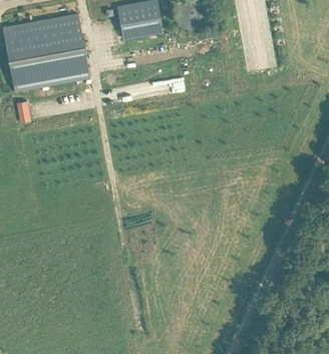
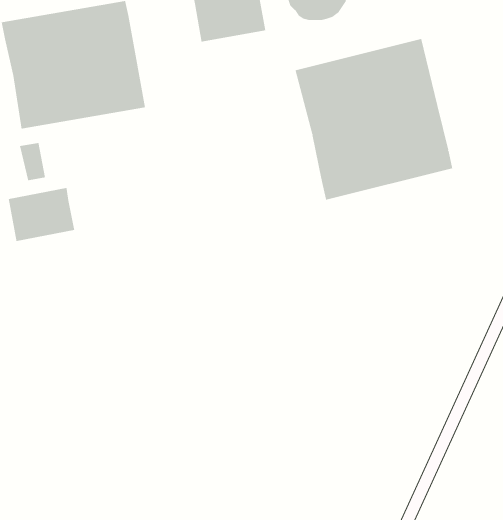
building: none -> [295,38,453,201]
building: none -> [8,187,75,242]

